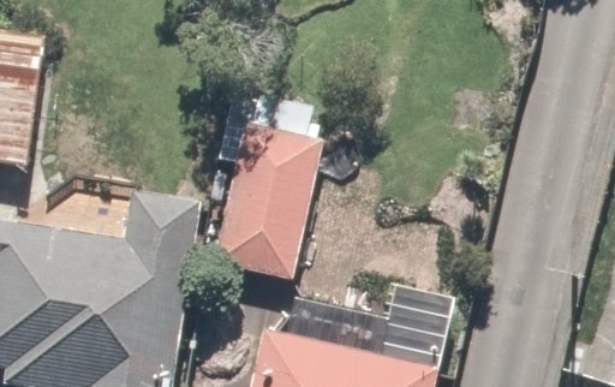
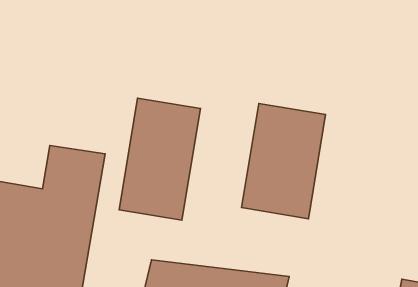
building: none -> [242,103,326,219]

